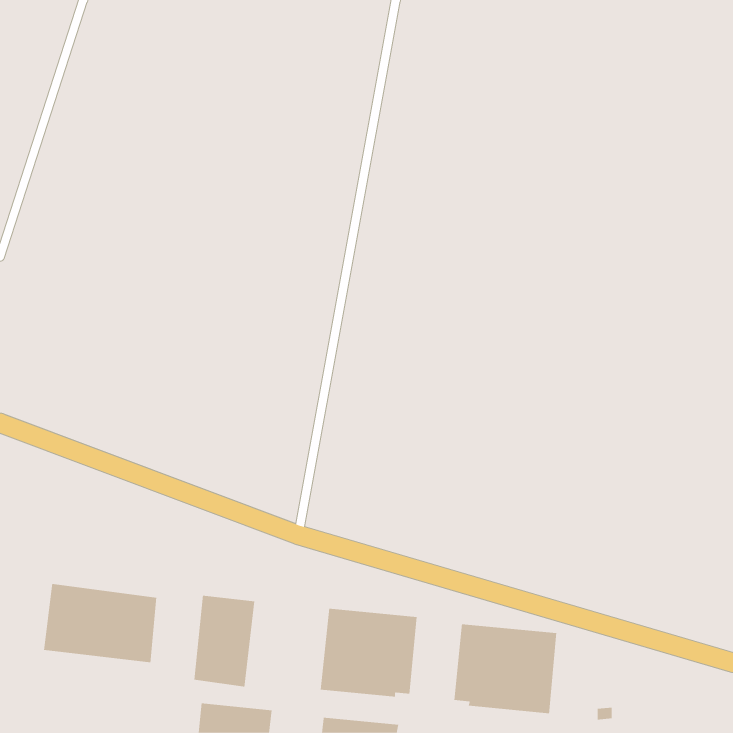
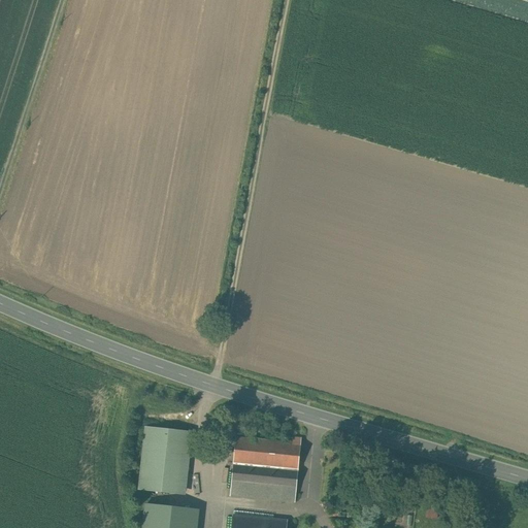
building: [44,583,157,663] -> none
building: [454,623,557,714] -> none

